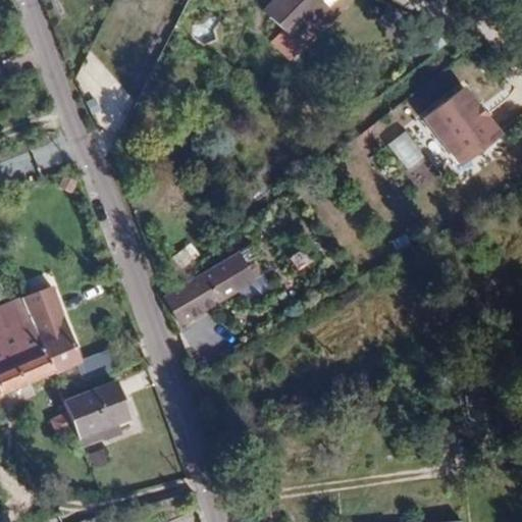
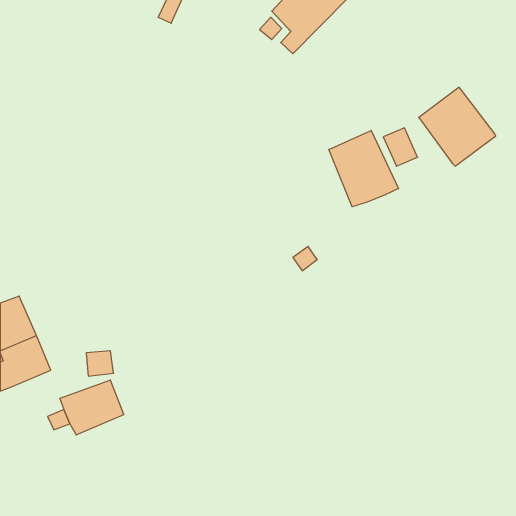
building: none -> [329,130,399,207]
building: [168,251,255,319] -> none
building: [21,285,81,372] -> none

